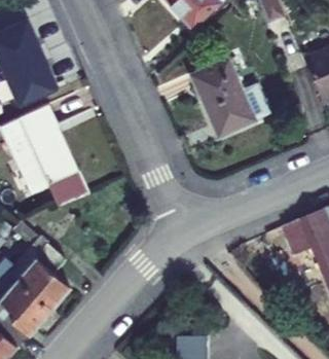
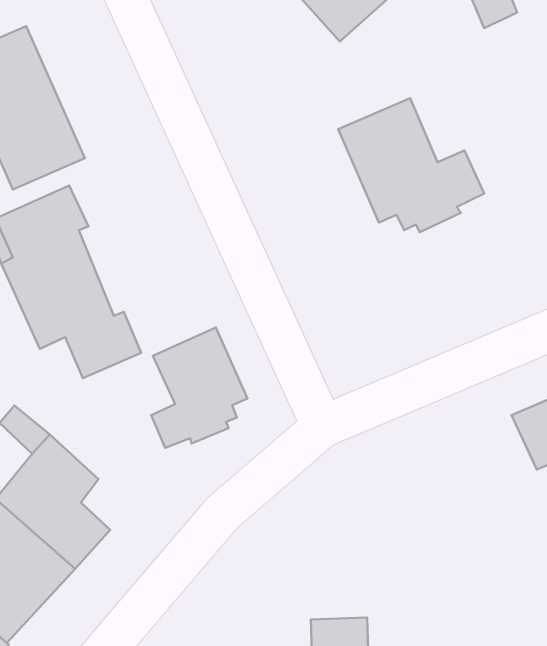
building: none -> [151,328,248,448]

